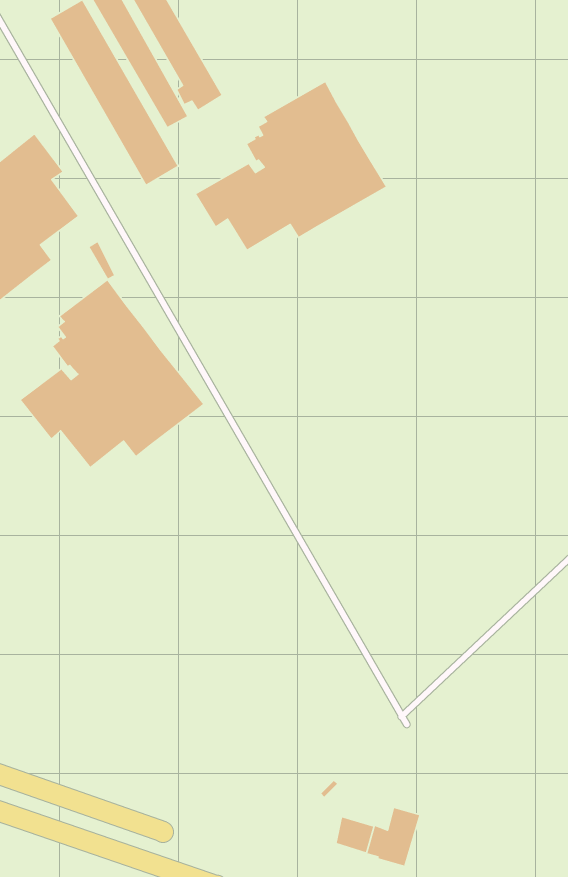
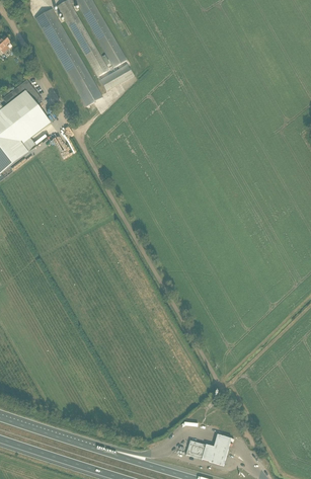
building: [195,81,387,250] -> none
building: [20,279,204,468] -> none

